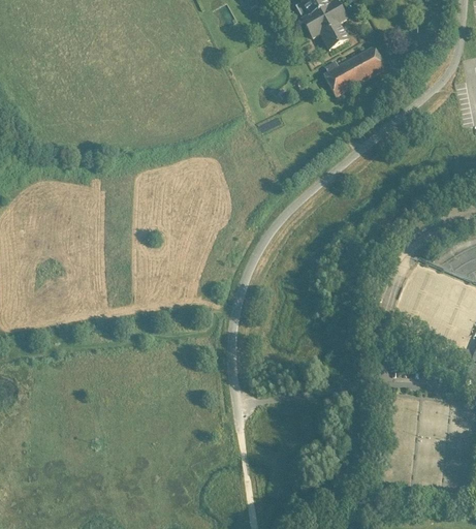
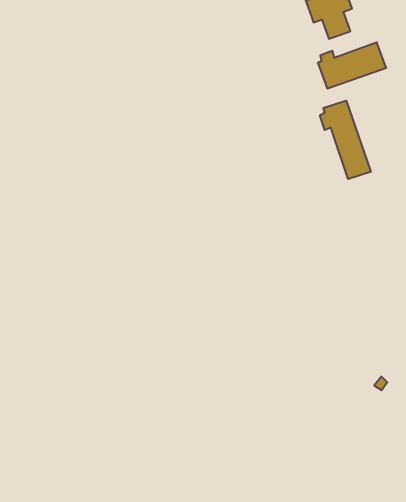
building: none -> [320,101,371,179]

